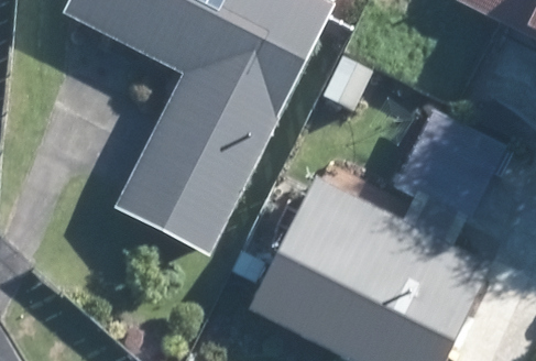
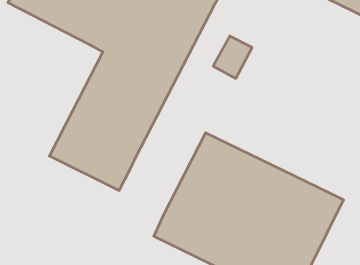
building: [397,107,508,220] -> none

